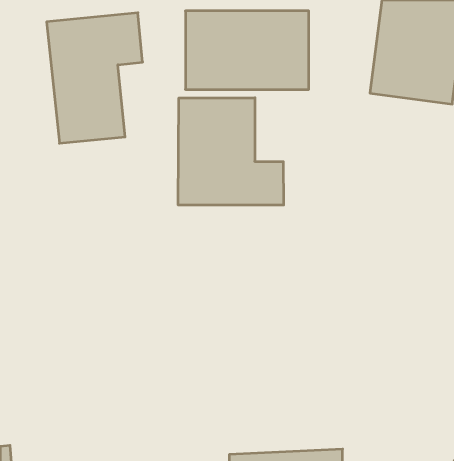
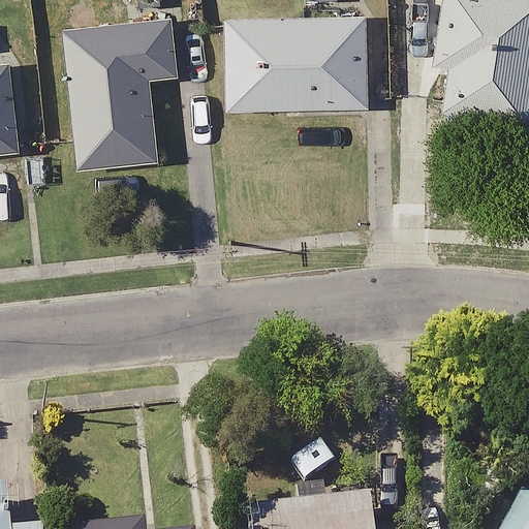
building: [178,98,284,205] -> none

